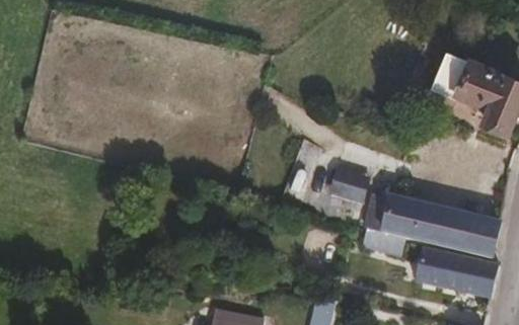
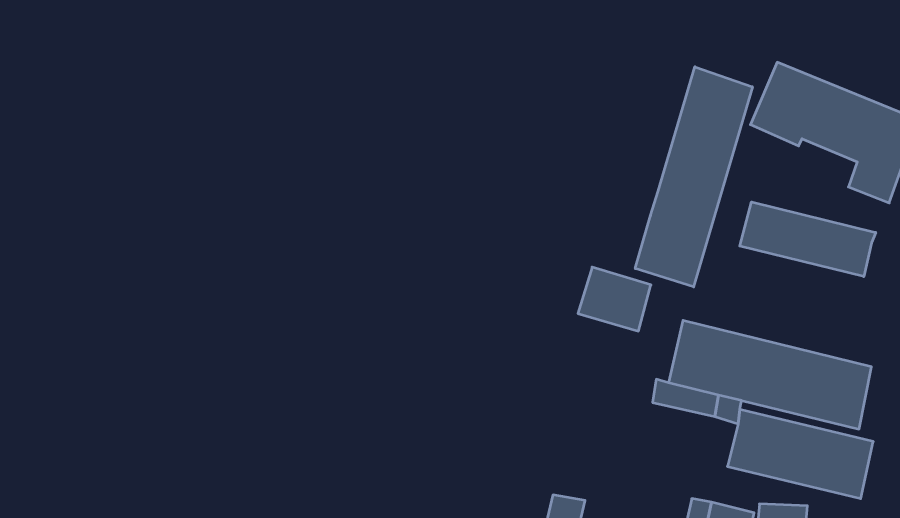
building: none -> [635,67,752,287]
building: none -> [740,202,876,277]

